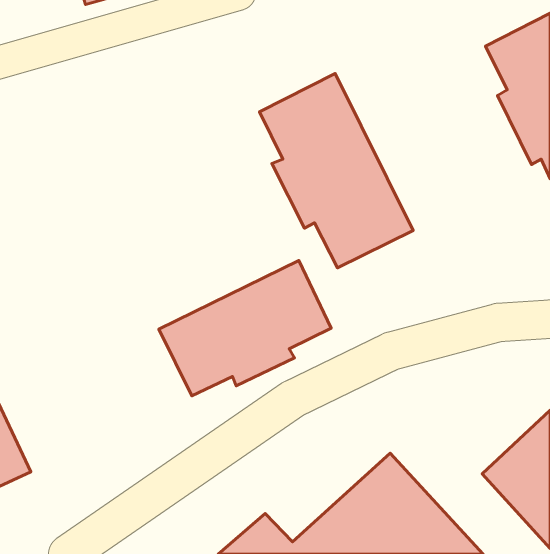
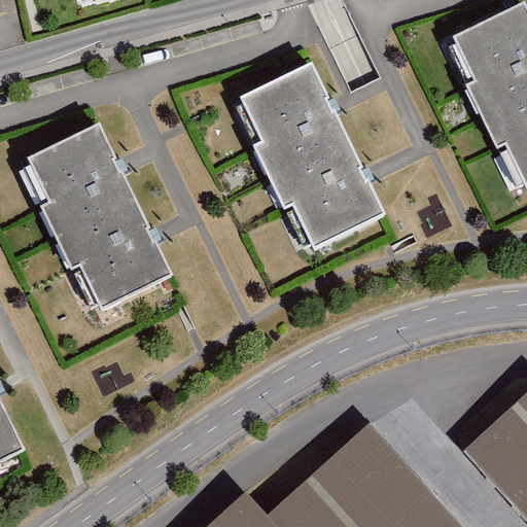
building: none -> [31,132,173,313]
building: [159,260,331,396] -> none

